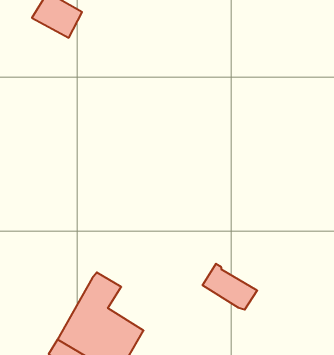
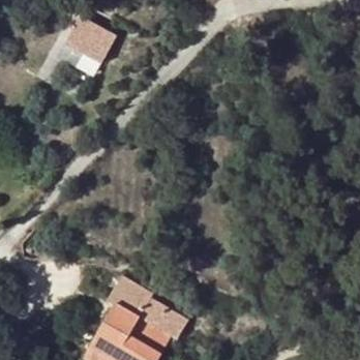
building: [202,264,257,310] -> [138,294,188,336]

